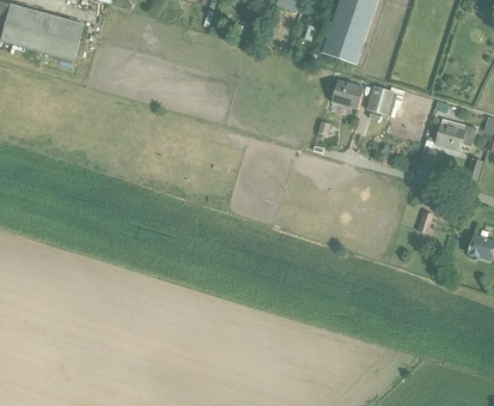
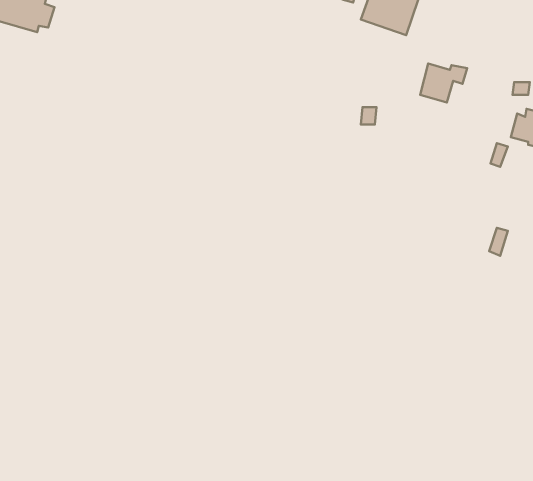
building: [330,79,362,109] -> none

